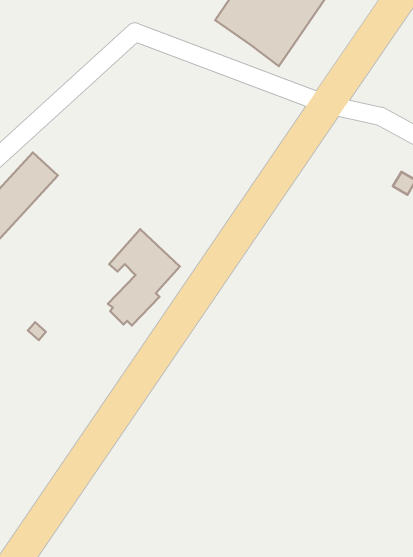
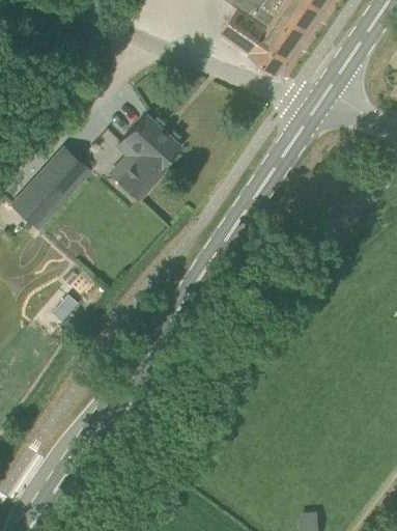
building: [108,229,180,326] -> [116,114,178,197]

